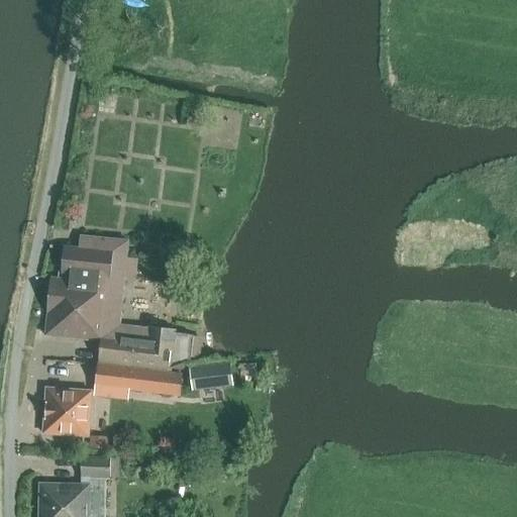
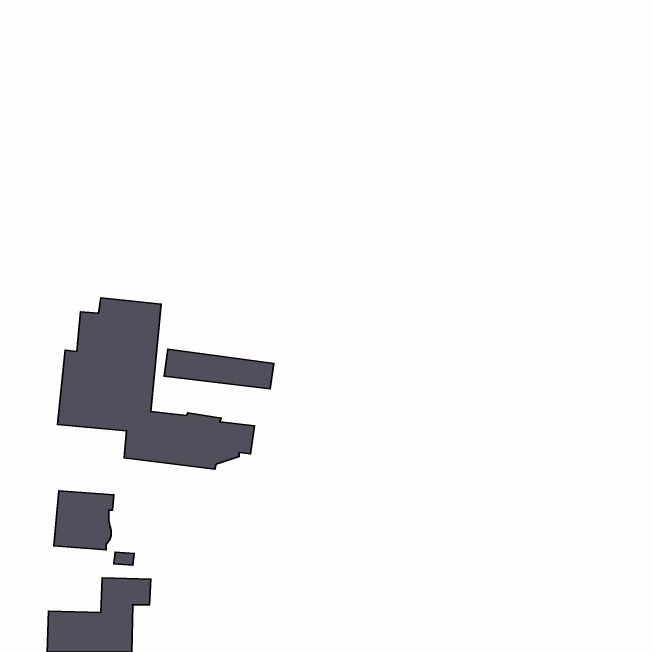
building: [95,364,182,395] -> [164,349,274,389]
building: [189,364,232,389] -> none

